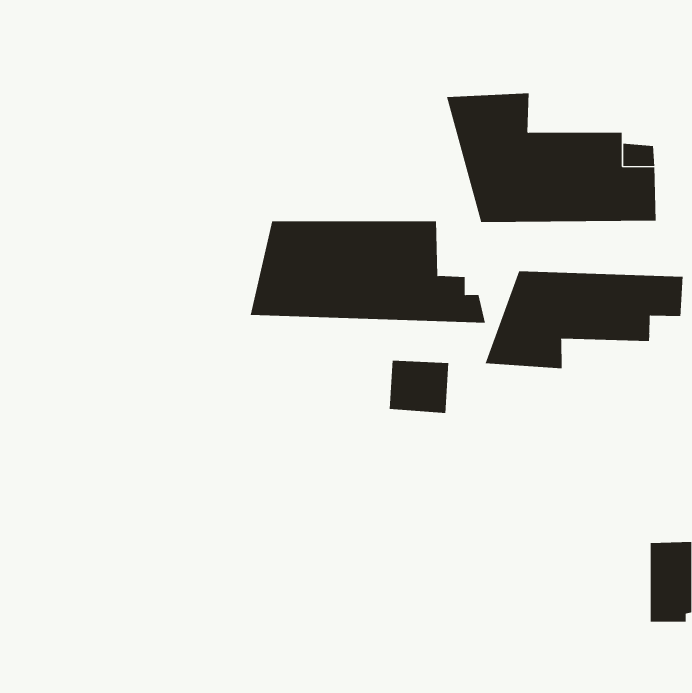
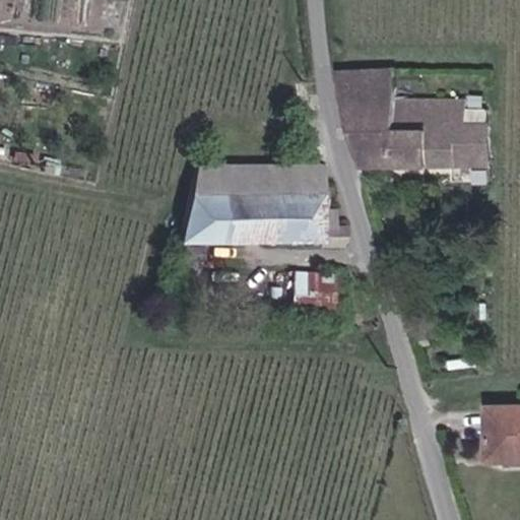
building: [485,270,683,369] -> none

